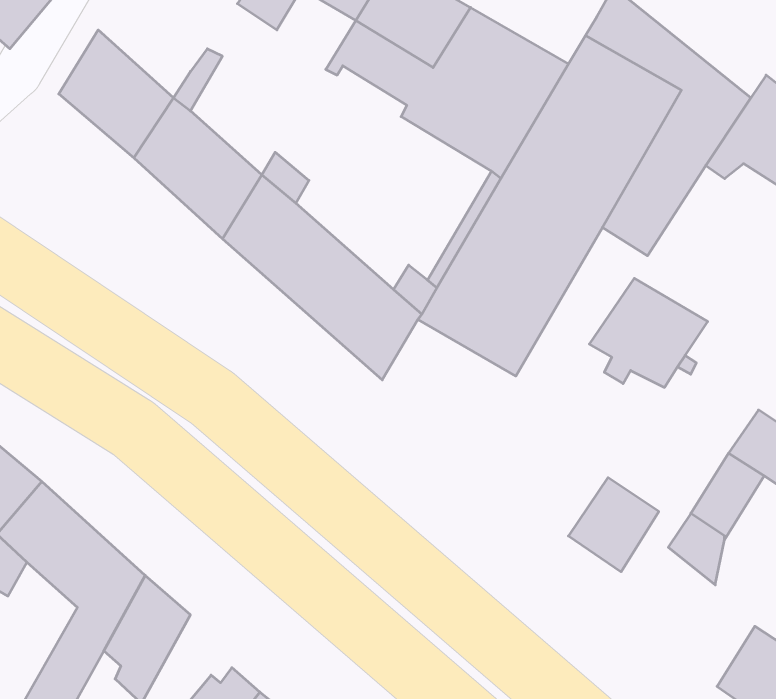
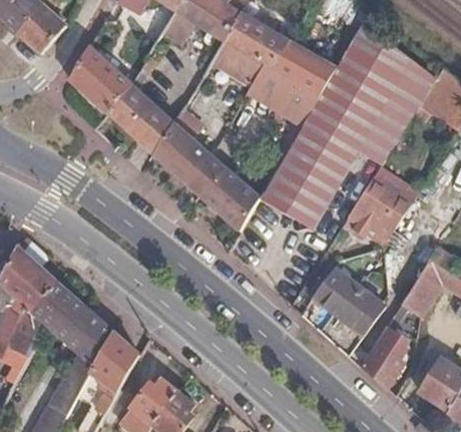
building: none -> [311,265,360,314]
building: none -> [361,337,401,390]

